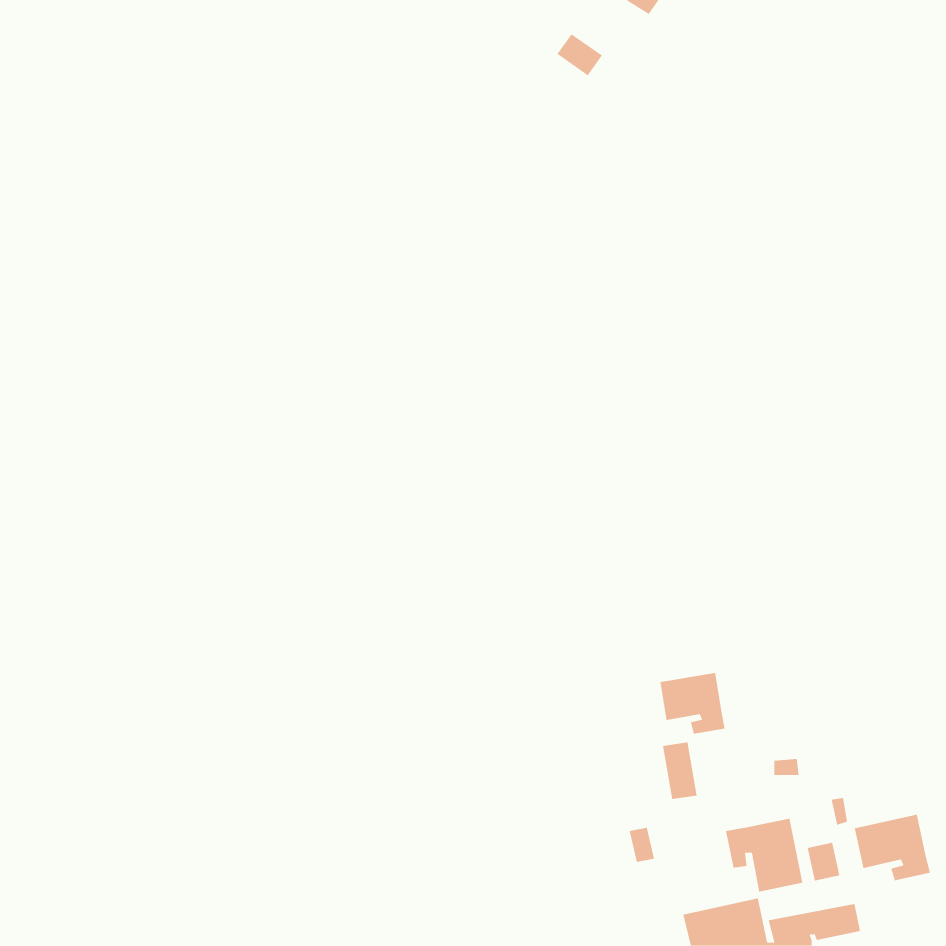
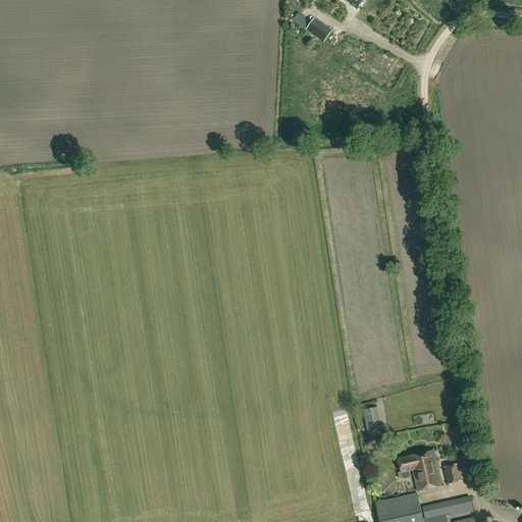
building: [660,672,725,734] -> none
building: [854,814,930,881] -> none

